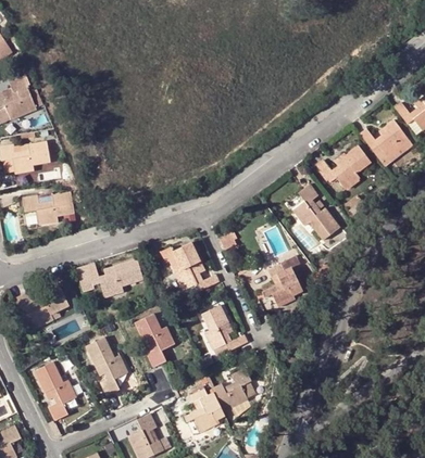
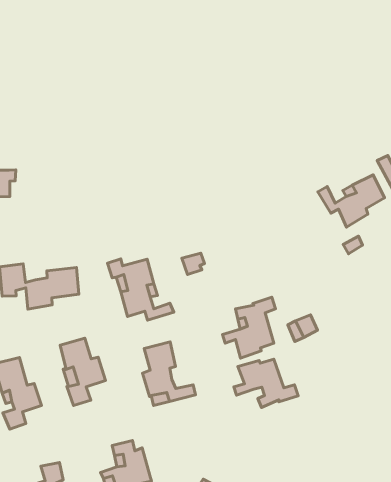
building: [286,183,339,240] -> none
building: none -> [234,359,298,408]
building: [211,367,257,411] -> none

